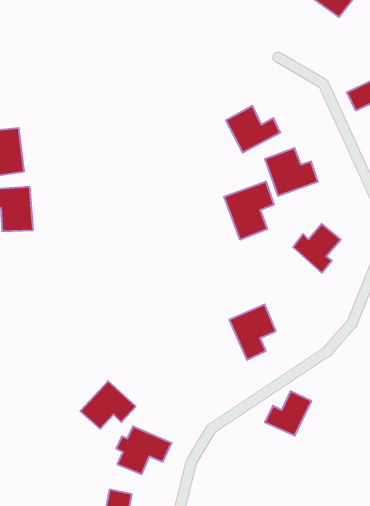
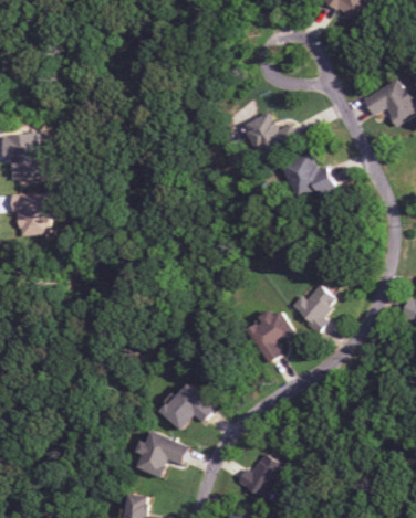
building: [224,181,274,240] -> none
building: [293,224,341,273] -> [290,284,337,332]
building: [80,381,136,429] -> [159,382,215,430]
building: [265,391,311,436] -> [237,453,283,497]

